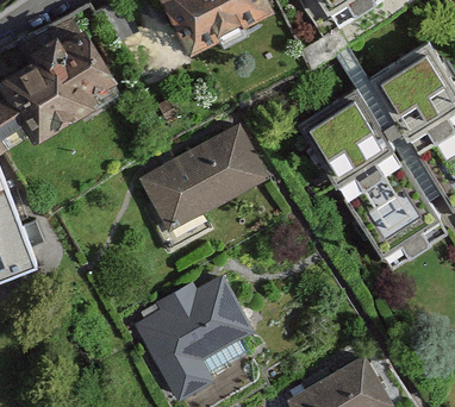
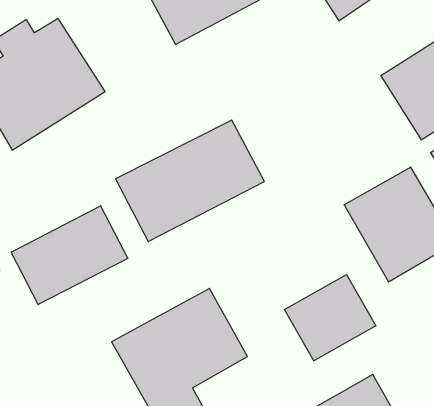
building: [300,87,393,180] -> none
building: none -> [11,206,128,305]
building: none -> [284,275,376,361]

